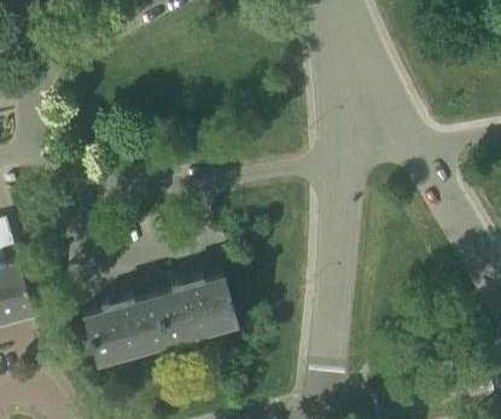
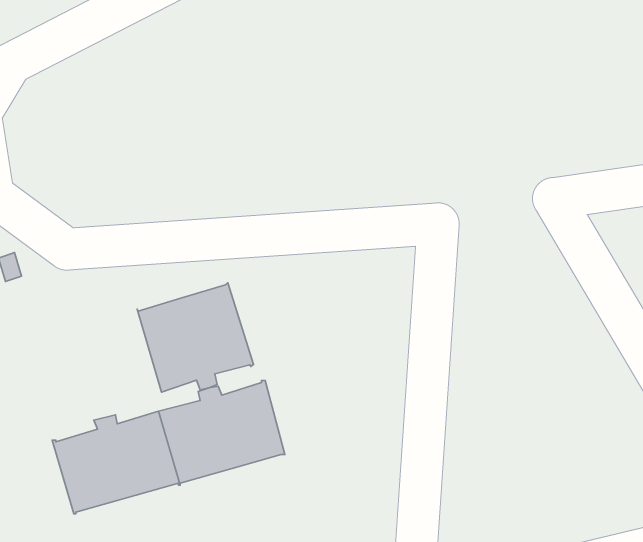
building: none -> [137,283,253,392]

